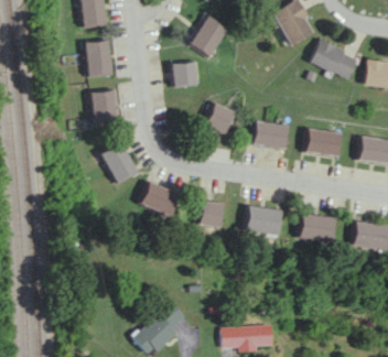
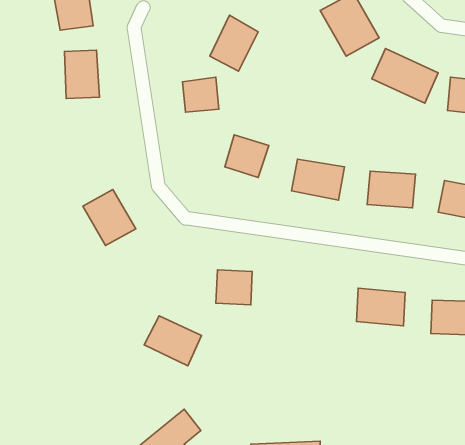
building: [90,90,122,127] -> none
building: [138,181,180,217] -> [144,316,202,366]
building: [245,204,282,234] -> none

